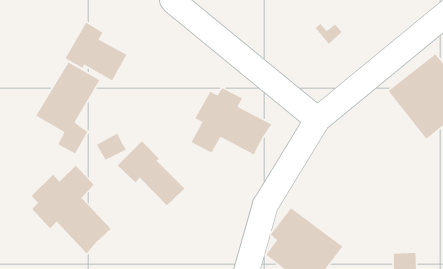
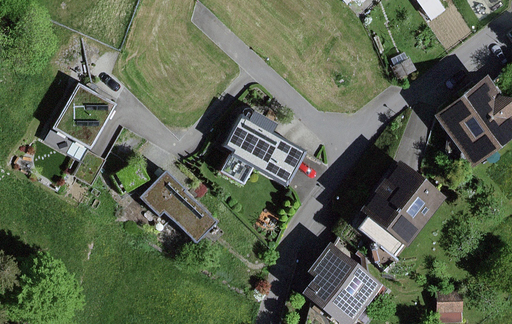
building: [65,21,127,81] -> none
building: none -> [359,159,447,255]
building: [31,165,112,255] -> none

